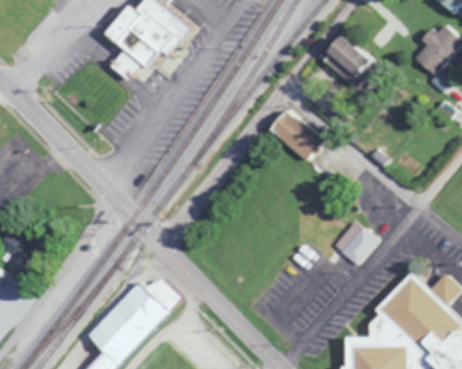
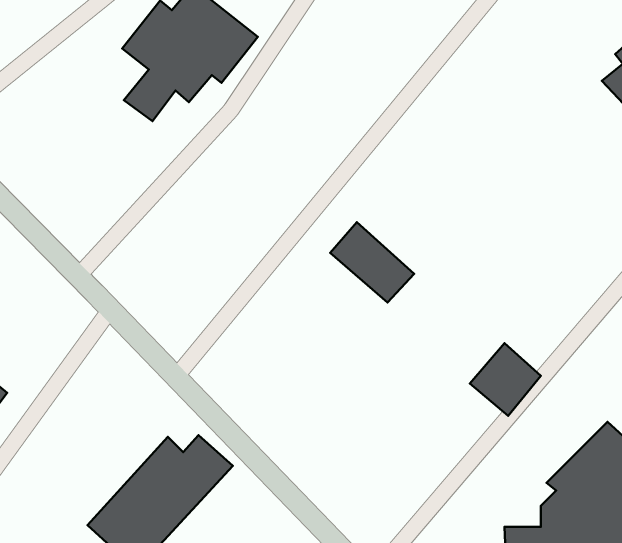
building: [324,36,378,93] -> none
building: [270,111,323,162] -> [330,222,414,302]

